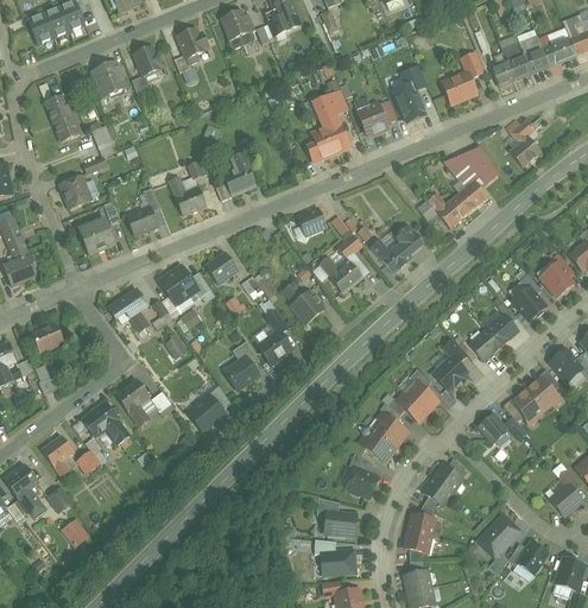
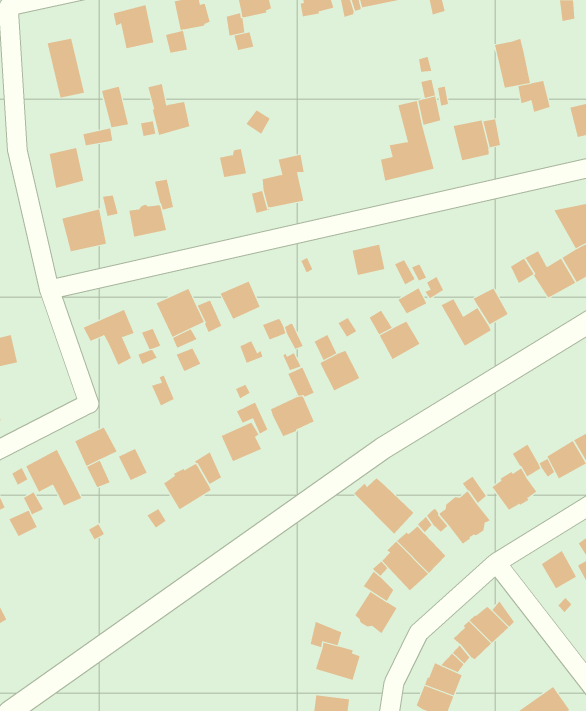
building: [393,82,425,121] -> [494,38,531,88]
building: [169,176,206,215] -> [148,83,190,135]
building: none -> [354,477,414,534]

